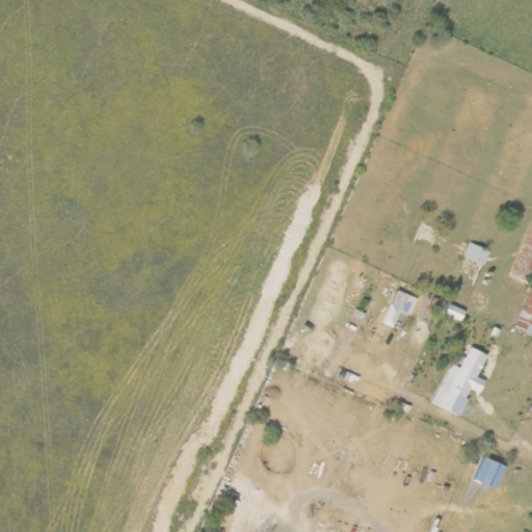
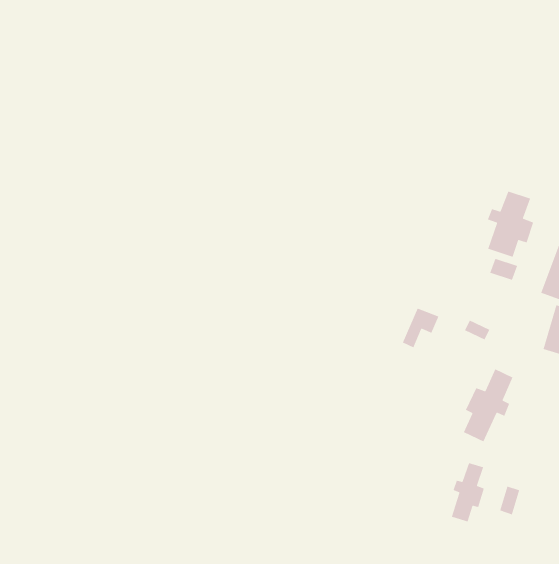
building: none -> [487,191,534,258]
building: none -> [451,462,485,522]

